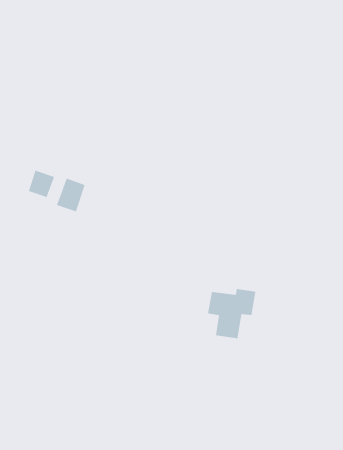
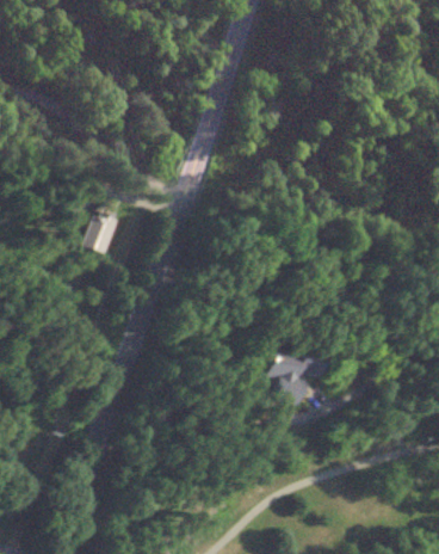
building: [28,170,55,198] -> none

